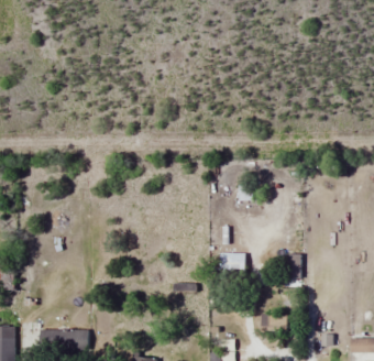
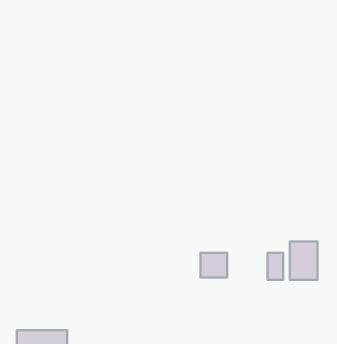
building: none -> [290,242,318,280]

